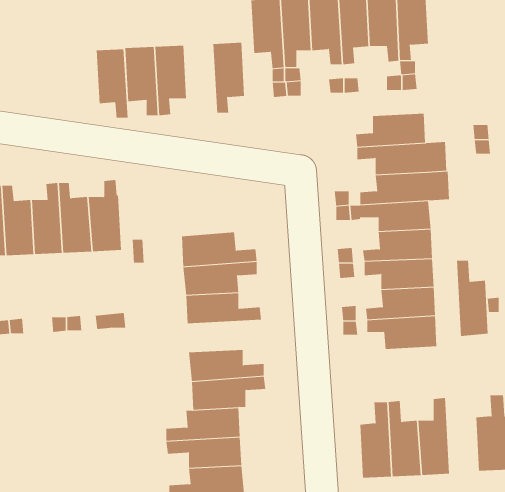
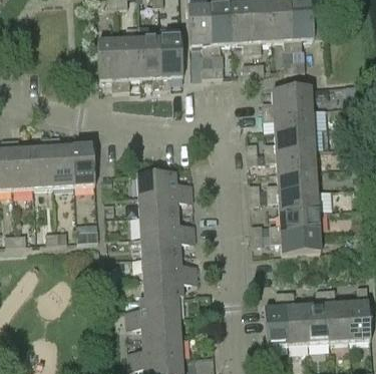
building: [96,49,128,118] -> [139,36,162,85]
building: [456,260,489,337] -> [325,287,348,341]
building: none -> [141,232,195,255]

